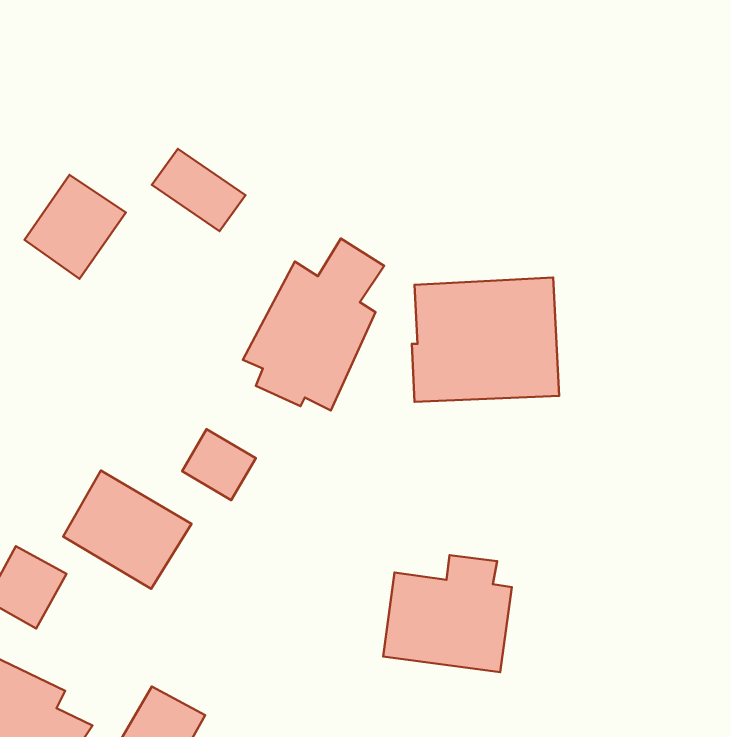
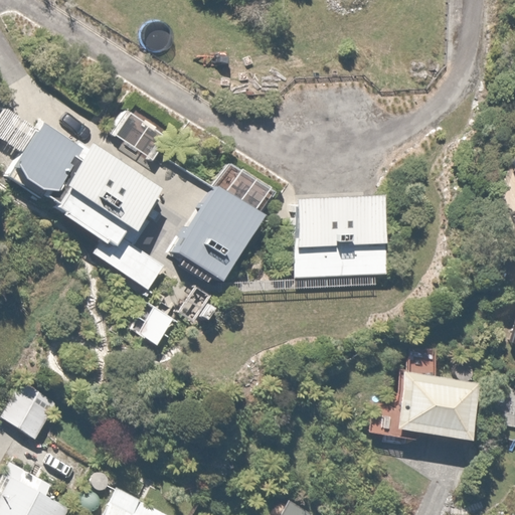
building: none -> [57,147,171,295]
building: [63,471,191,589] -> none
building: [383,555,512,672] -> [381,360,471,442]

